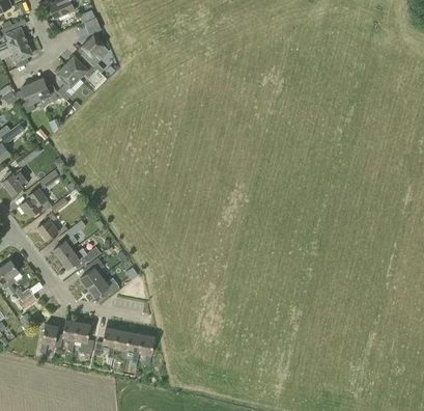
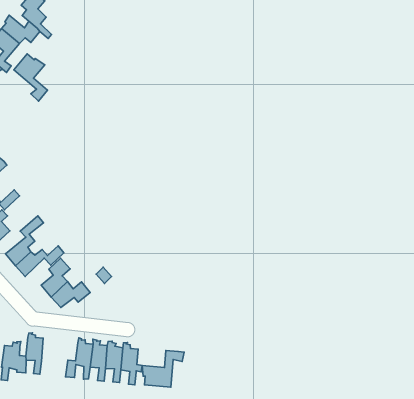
building: none -> [14,54,48,101]
building: [74,318,93,354] -> none
building: none -> [142,350,184,387]

